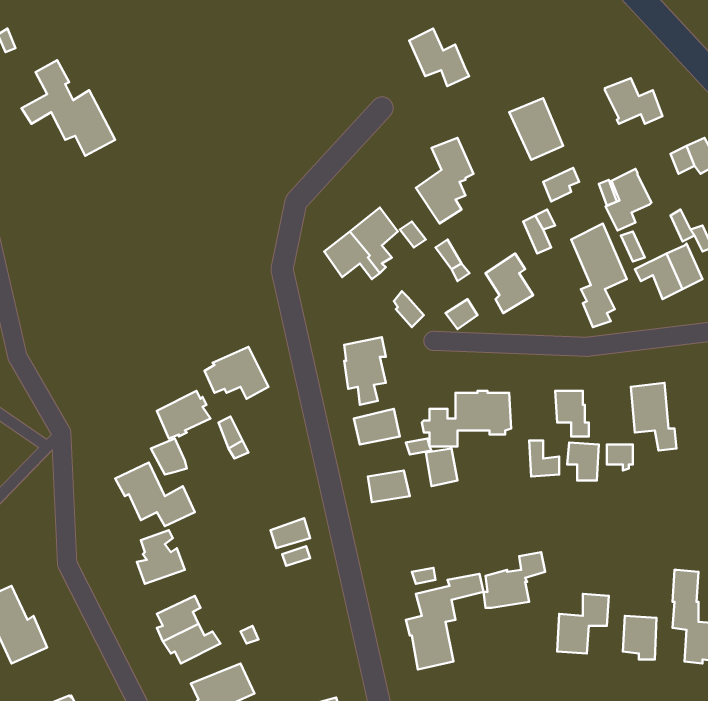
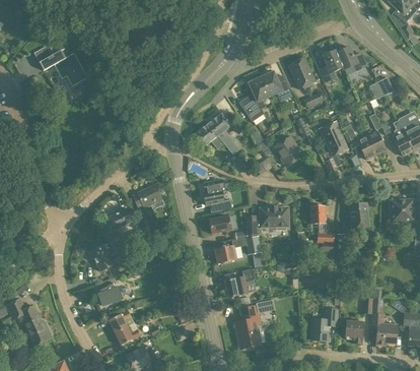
building: [409,28,469,86] -> [261,70,291,100]
building: [606,169,651,231] -> [320,49,343,80]
building: [483,552,545,608] -> [223,268,255,297]

